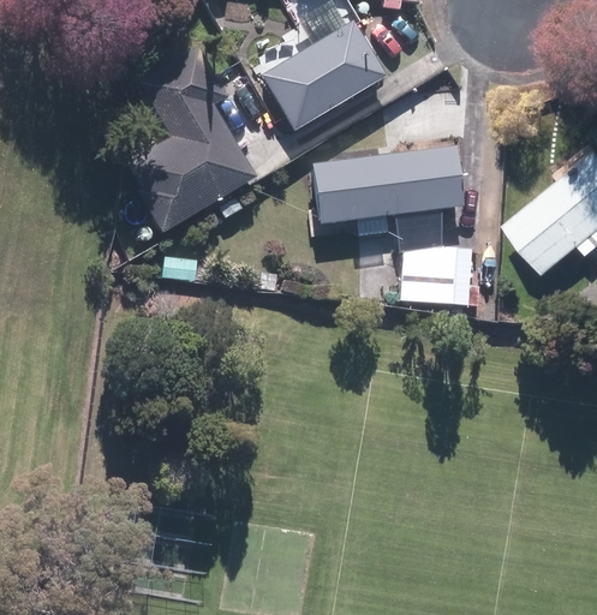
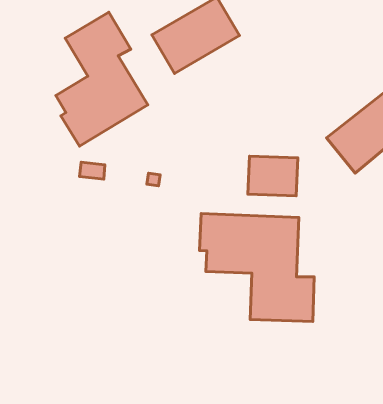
building: [305,147,460,223] -> none
building: none -> [199,213,314,322]

